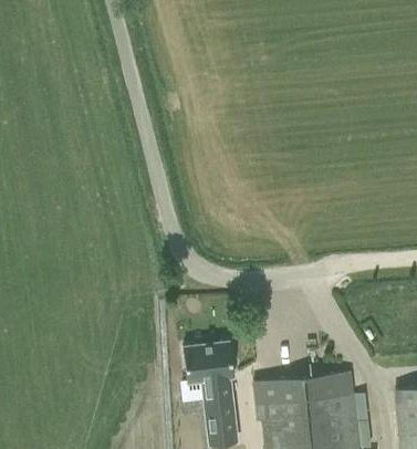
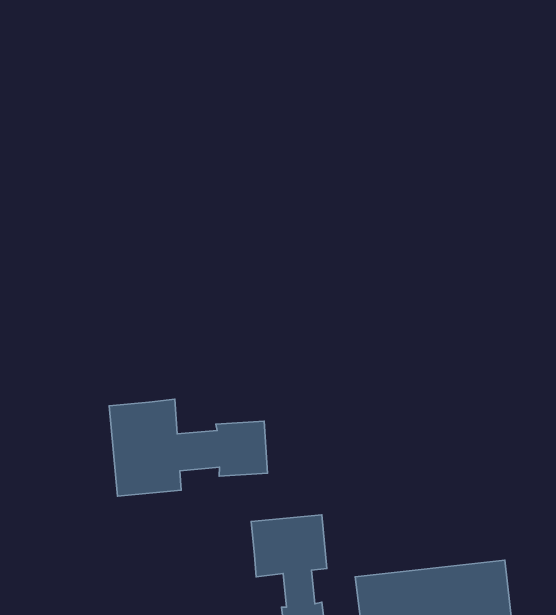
building: none -> [109,399,267,496]

